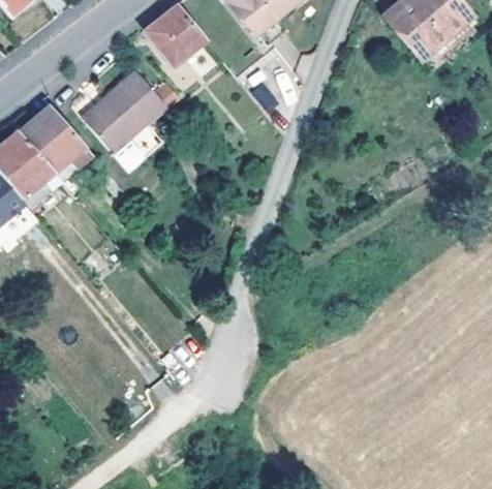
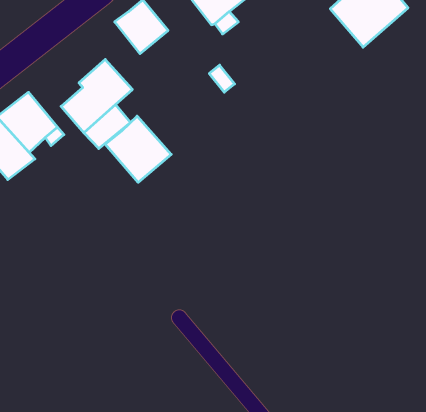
building: none -> [105,116,171,182]

